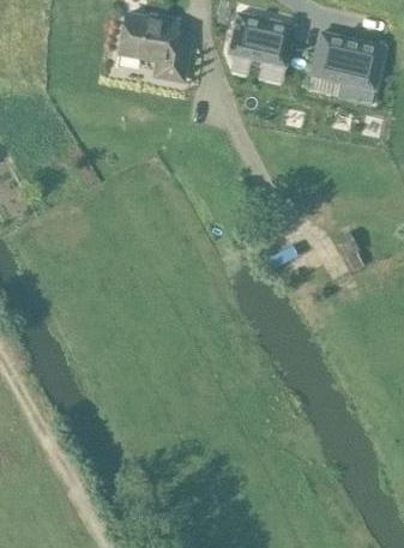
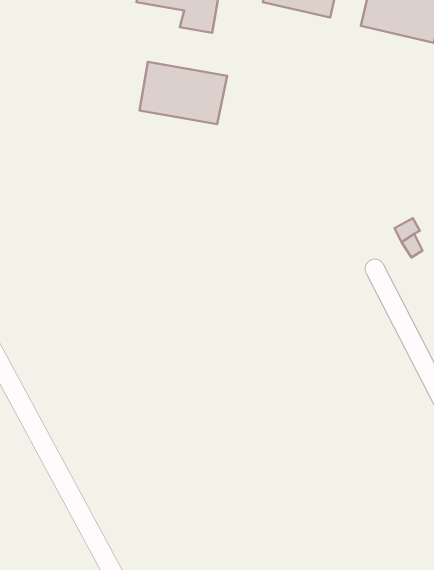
building: none -> [139,62,227,124]

